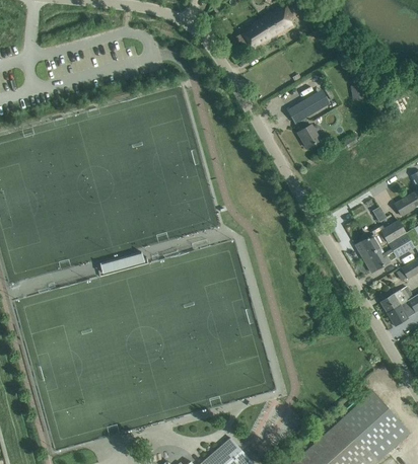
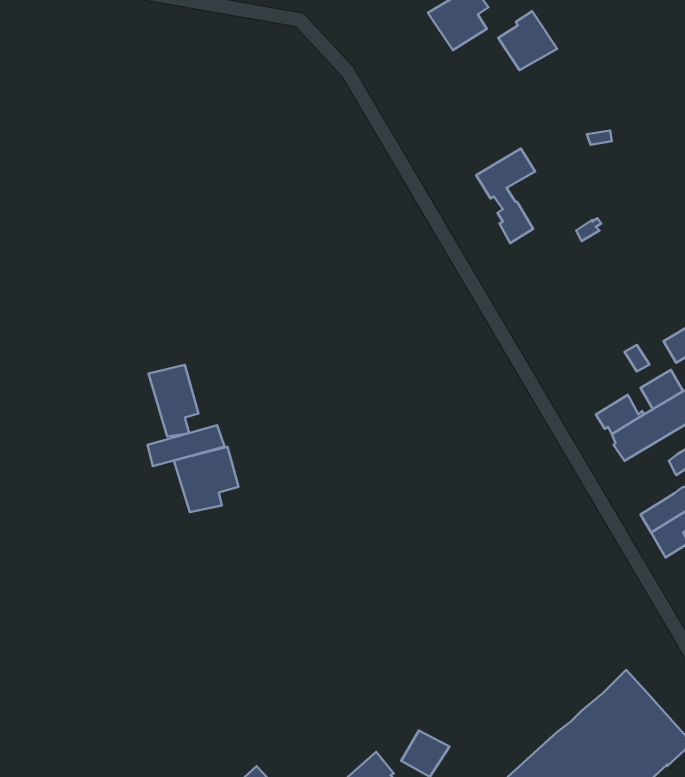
building: [240,18,274,52] -> [498,11,557,70]
building: none -> [149,365,198,436]
building: none -> [174,447,239,512]

